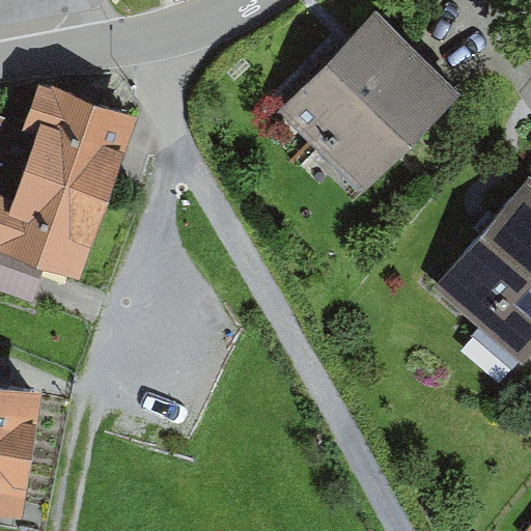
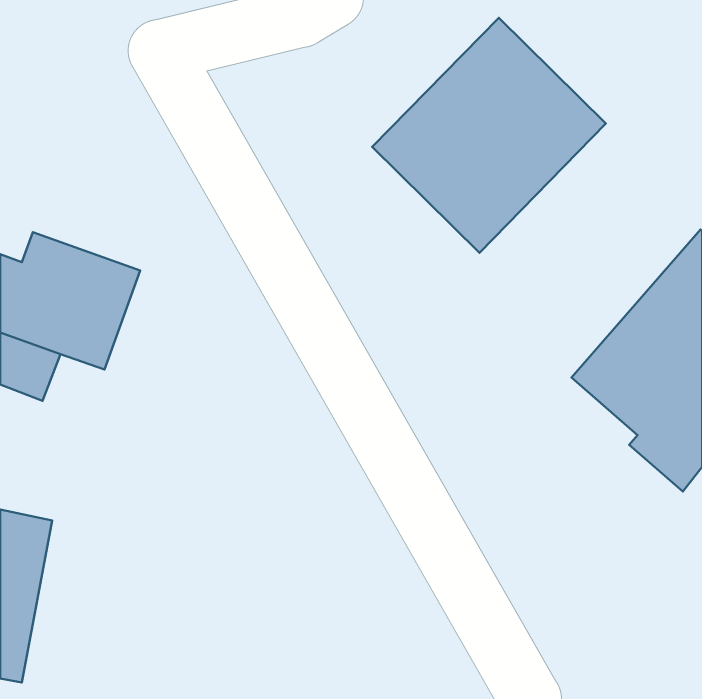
building: [24,85,137,204] -> none

